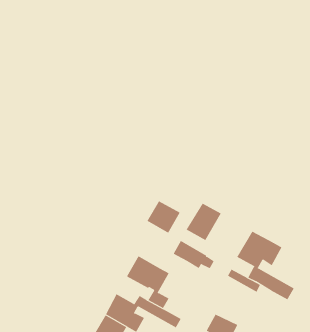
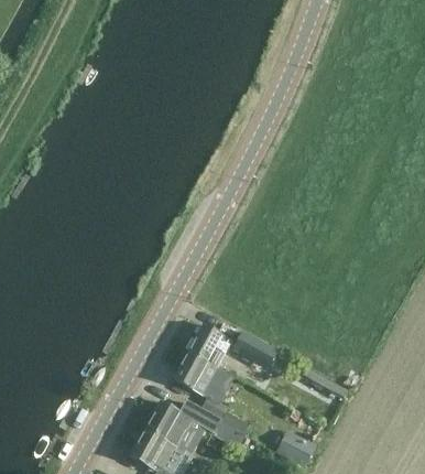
building: [147,201,180,234] -> [189,325,233,368]
building: [186,203,221,241] -> none
building: [236,231,294,300] -> none

